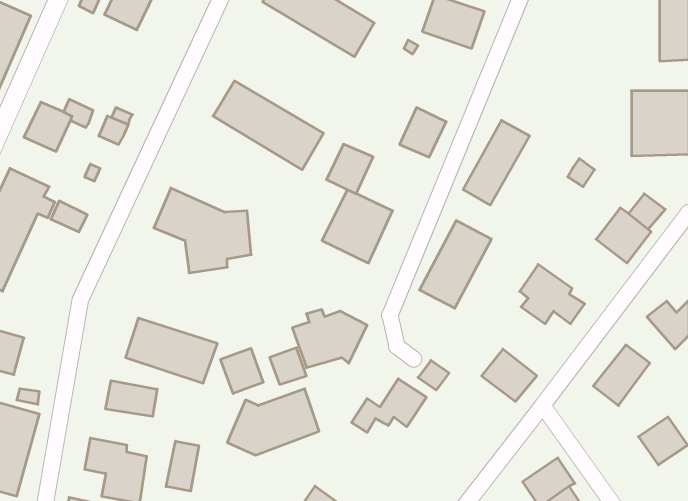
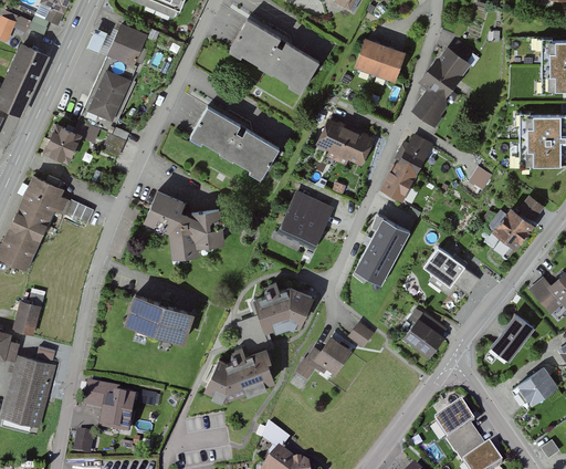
building: none -> [417,46,475,127]
building: none -> [85,67,129,119]
building: [326,144,373,194] -> [313,116,349,155]
building: [221,348,263,394] -> none
building: [106,381,157,416] -> none
building: [166,441,199,491] -> none

